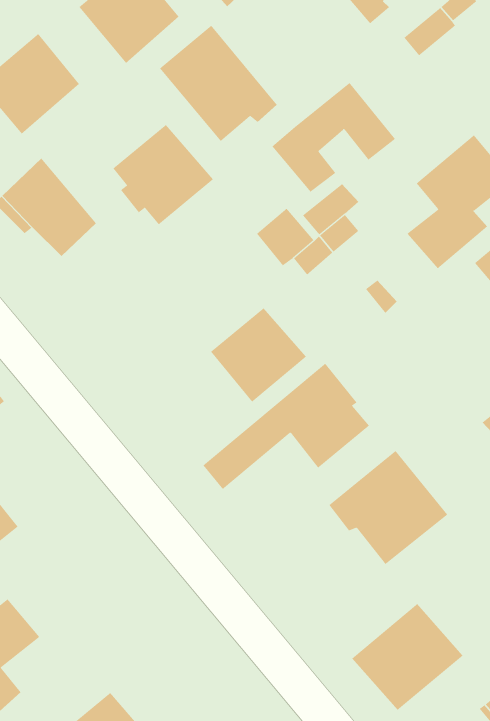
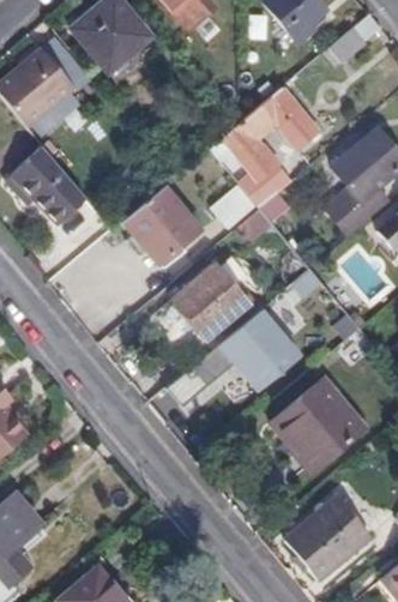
building: [159,25,278,142] -> none
building: [112,124,214,225] -> [122,187,201,266]

